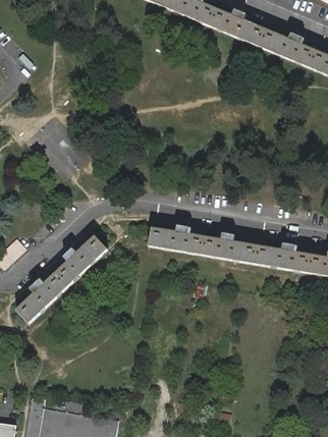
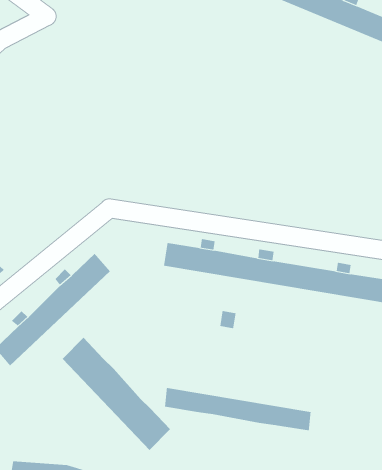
building: none -> [62,337,171,451]
building: none -> [164,387,311,431]

